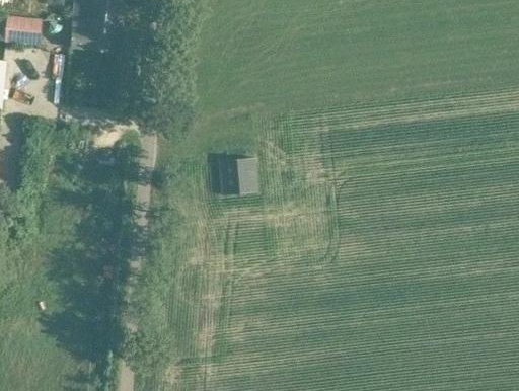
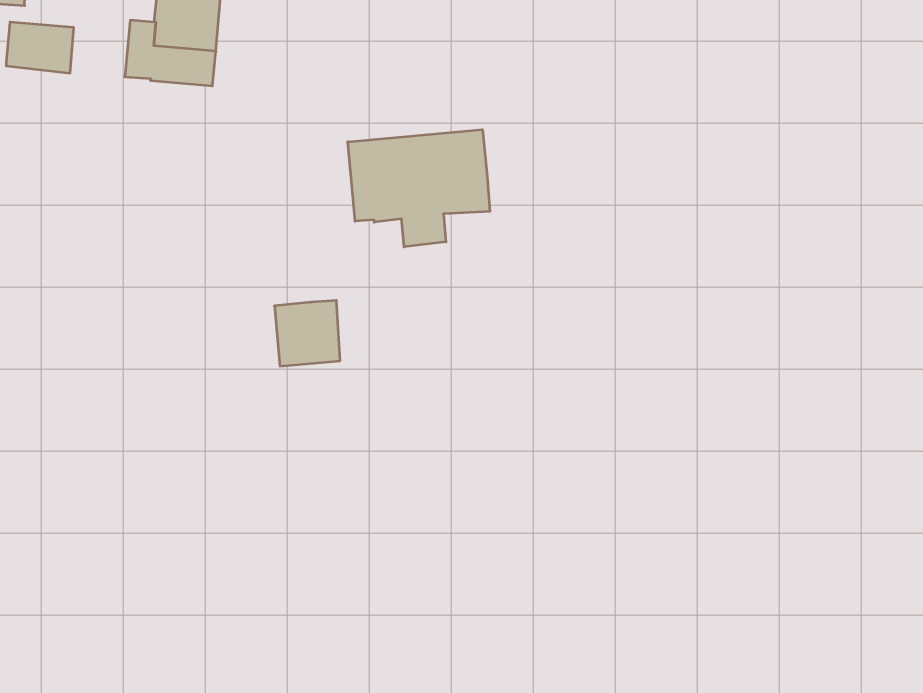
building: none -> [348,130,490,247]
building: [219,158,255,194] -> [274,300,340,366]

